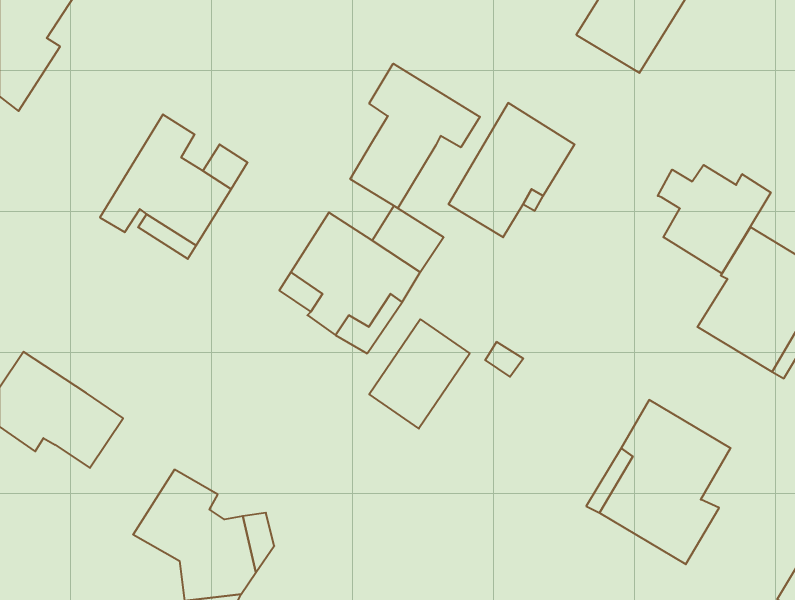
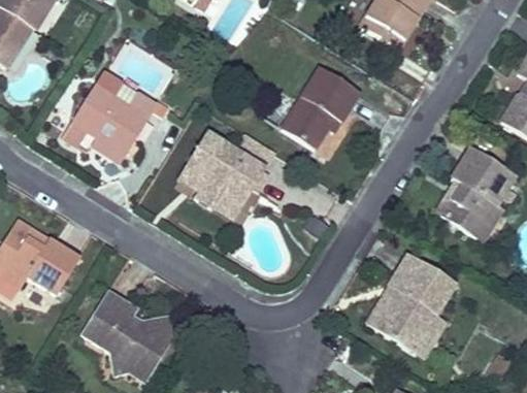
building: [350,64,480,208] -> none
building: [658,165,771,273] -> none
building: [369,319,470,429] -> none

